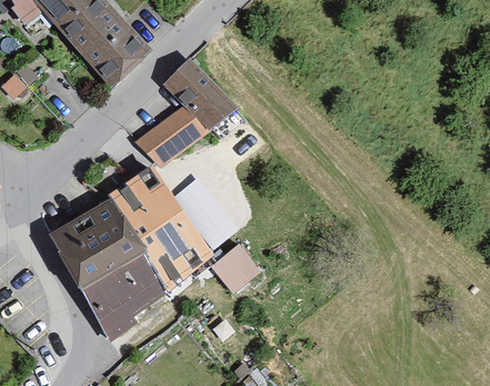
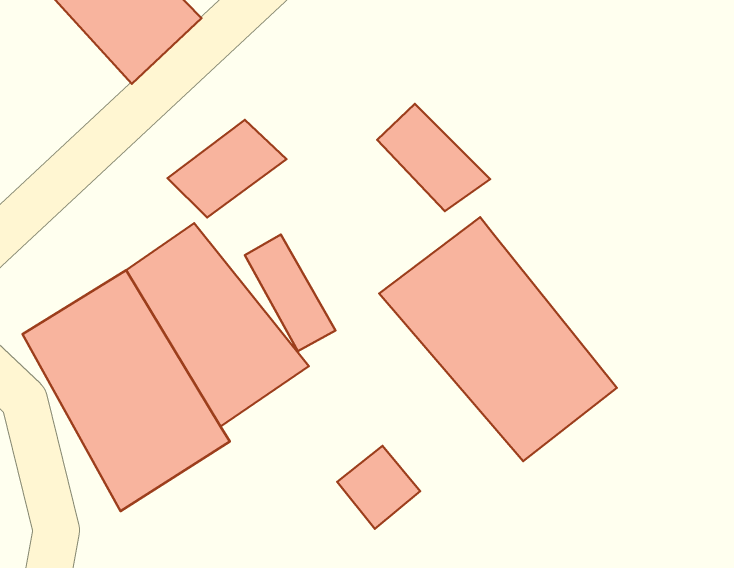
building: [162,65,229,128] -> [377,104,490,211]
building: none -> [379,217,617,461]
building: [209,243,258,291] -> [337,446,420,529]

